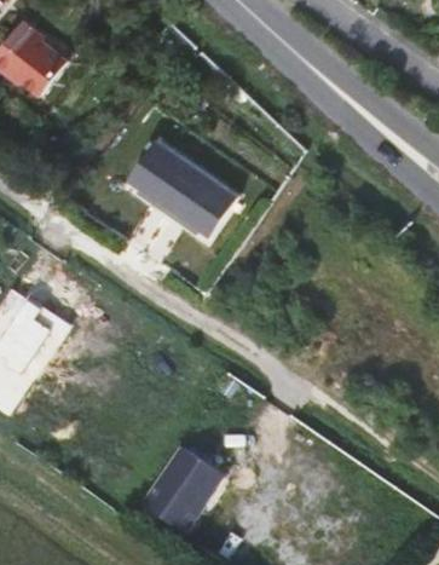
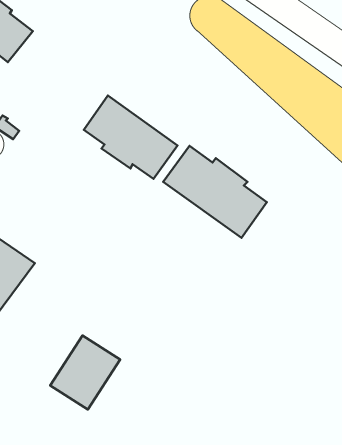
building: none -> [163,146,267,238]
building: [143,446,224,532] -> [50,336,120,409]

